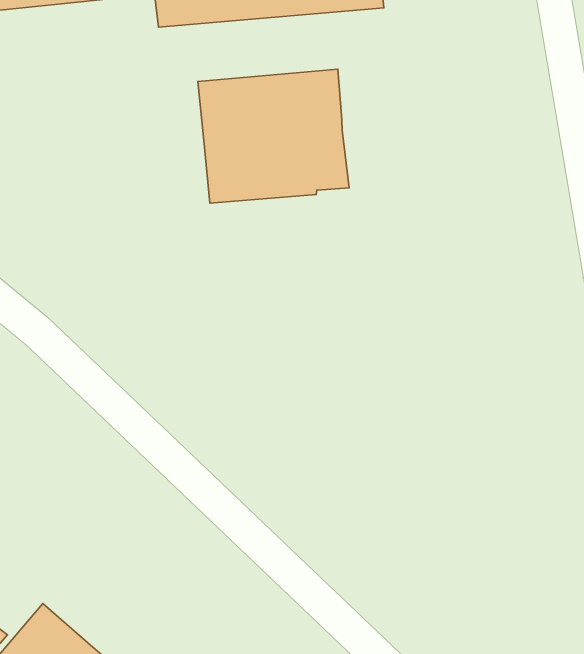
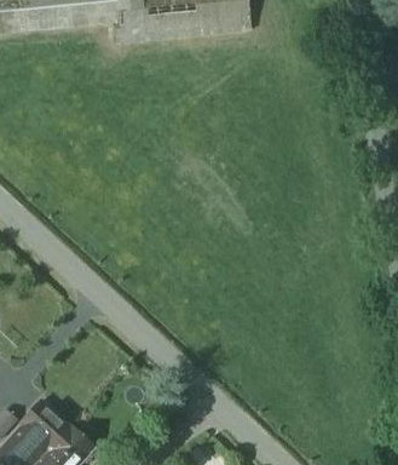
building: [198,69,349,203] -> none

